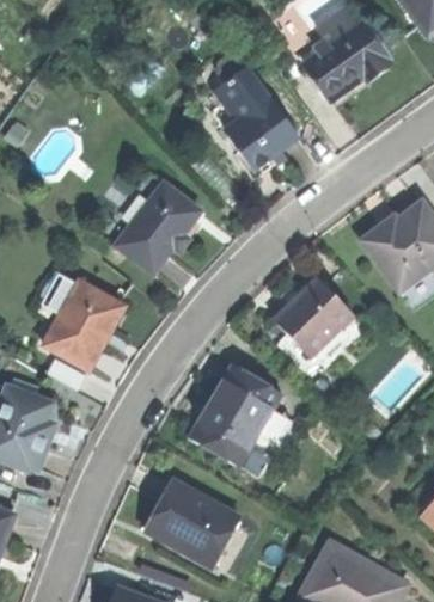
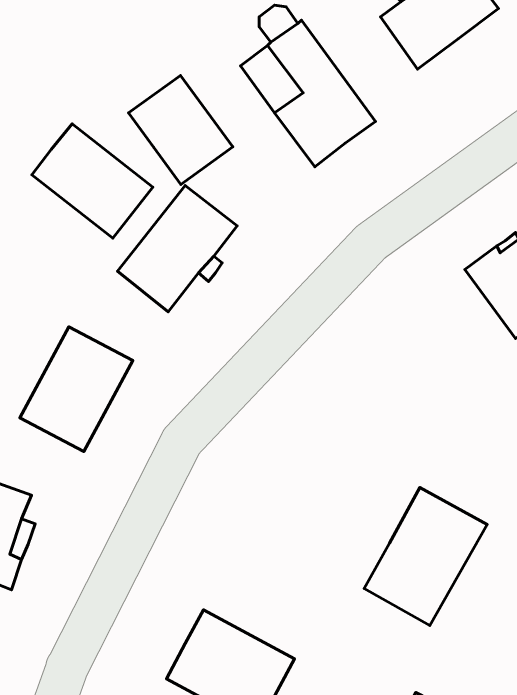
building: none -> [129,76,233,184]
building: none -> [32,124,153,238]
building: [275,278,353,357] -> none
building: [195,367,282,465] -> [364,487,487,626]

